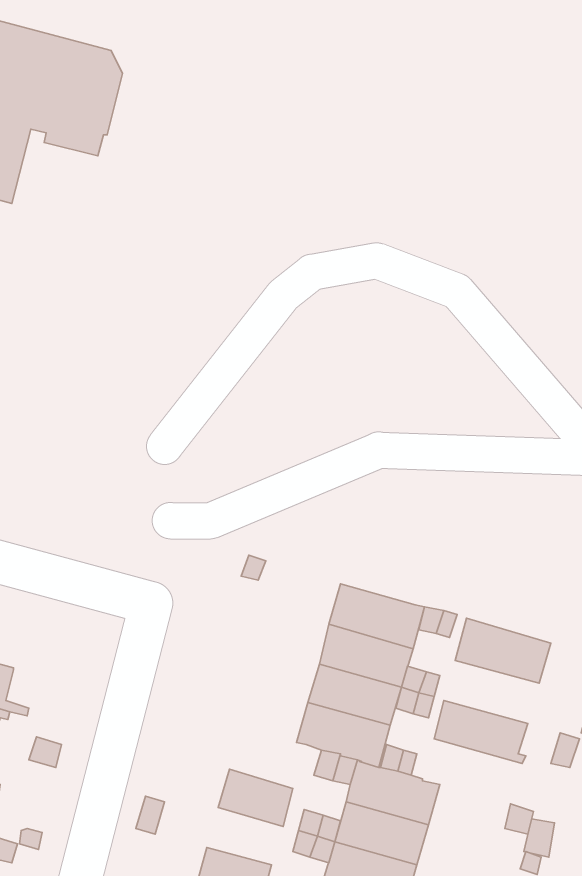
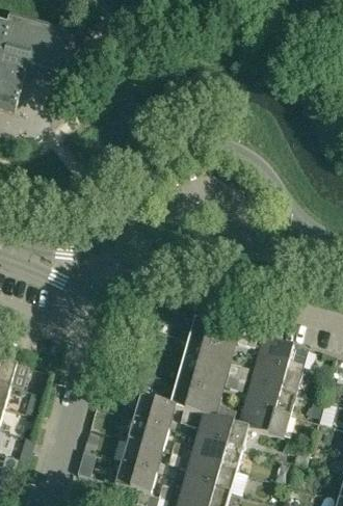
building: none -> [248,362,300,396]
building: none -> [132,398,174,431]
building: none -> [237,404,291,440]
building: none -> [120,442,161,473]

